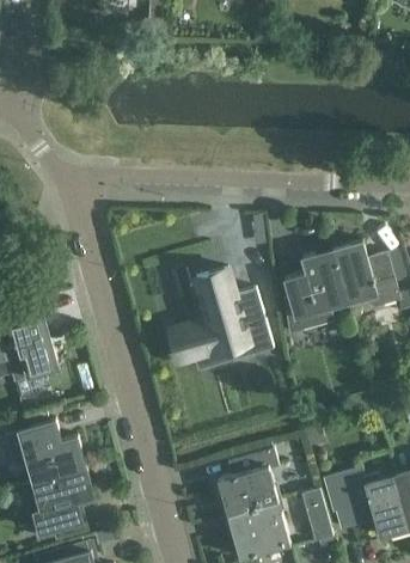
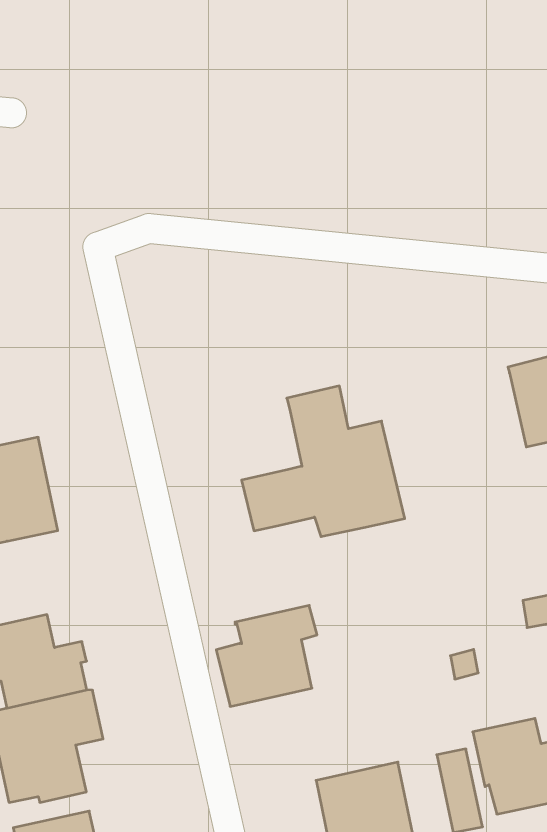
building: [286,251,348,336] -> none
building: [218,449,280,515] -> [216,605,317,706]

